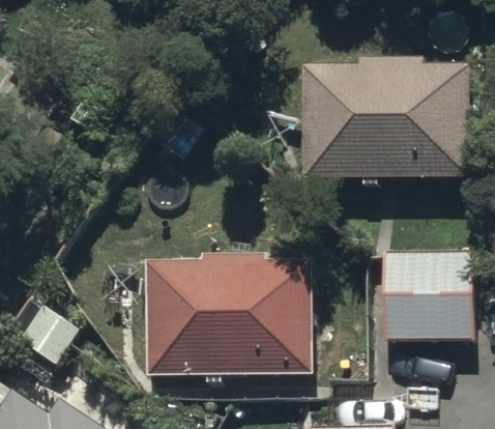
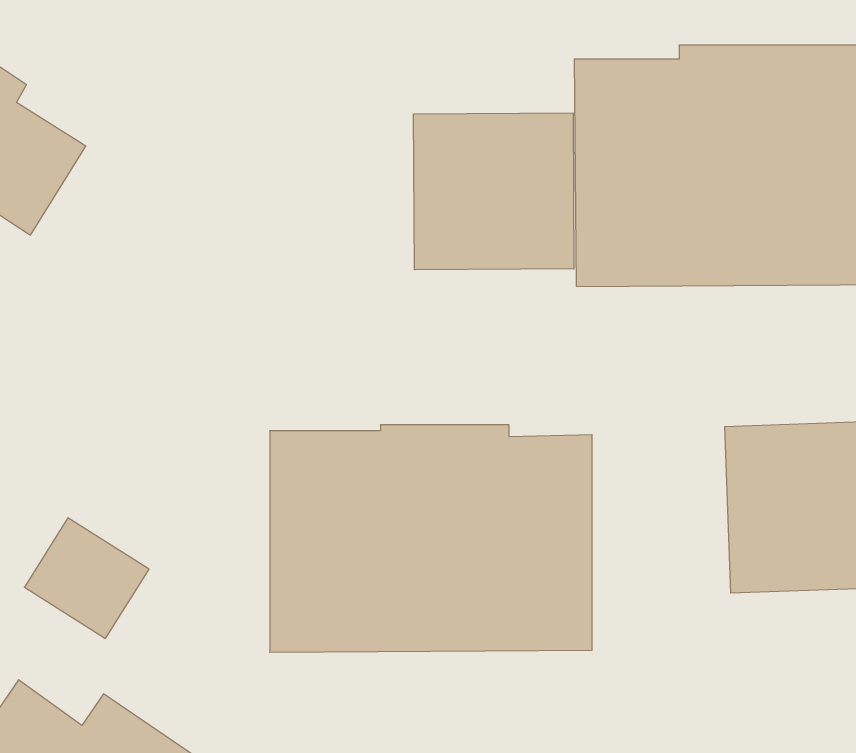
building: none -> [414,113,574,270]

